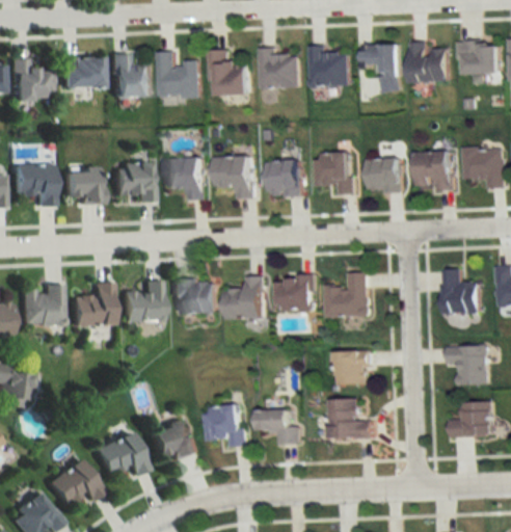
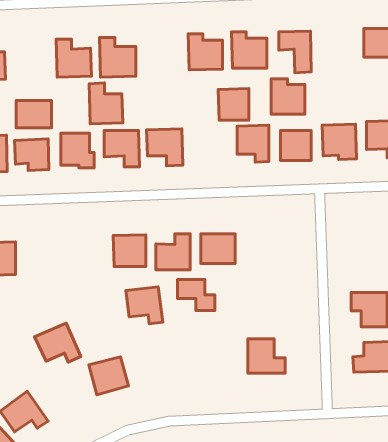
building: [409,43,448,83] -> [271,79,305,114]
building: [209,50,247,97] -> [89,83,123,124]
building: [55,57,96,88] -> [16,101,52,128]
building: [263,161,298,197] -> [218,88,249,120]
building: [442,269,478,315] -> none
building: [323,273,367,317] -> none
building: [119,280,160,321] -> none
building: [69,282,109,325] -> none
building: [334,350,368,384] -> none
building: [200,404,243,447] -> [126,287,163,324]
building: [254,408,297,444] -> [178,280,215,310]
building: [90,431,143,476] -> [35,323,81,362]

